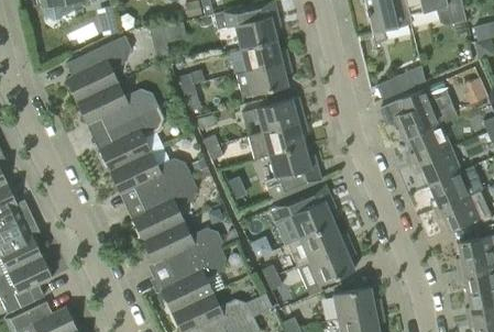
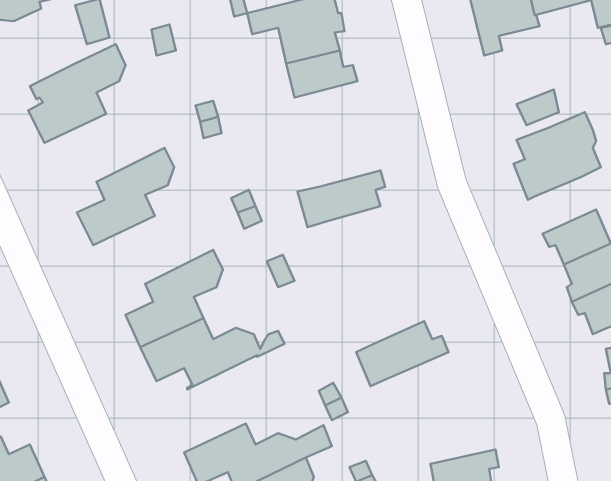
building: [240,60,290,98] -> none
building: [76,82,157,129] -> none
building: [242,97,304,132] -> none
building: [408,125,450,164] -> none
building: [265,145,320,201] -> none
building: [109,152,190,198] -> none
building: [270,185,336,239] -> none
building: [309,244,354,285] -> none
building: [160,246,226,312] -> none
building: [332,287,382,320] -> none

